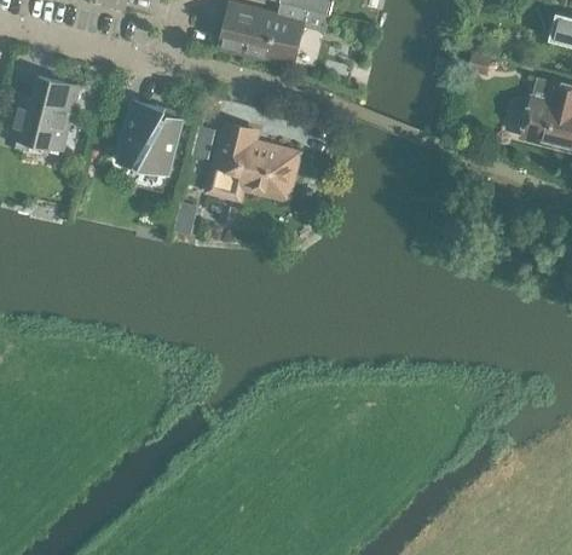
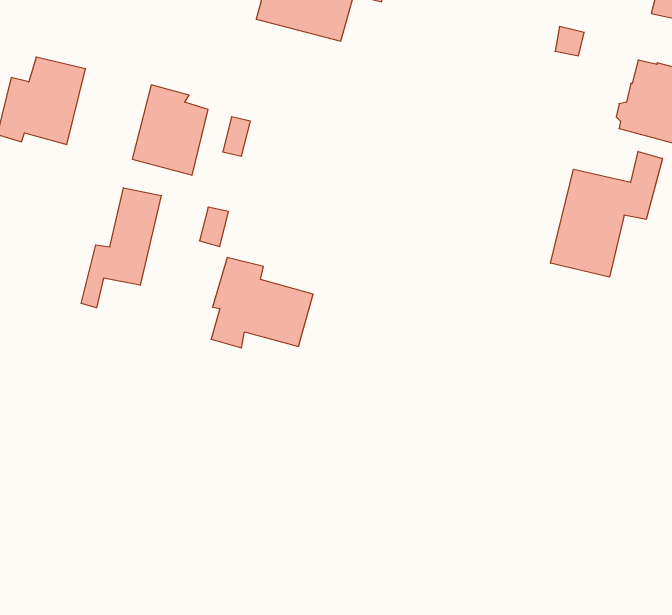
building: [212,123,296,198] -> [211,258,313,348]
building: none -> [550,151,662,277]
building: none -> [81,188,161,308]

